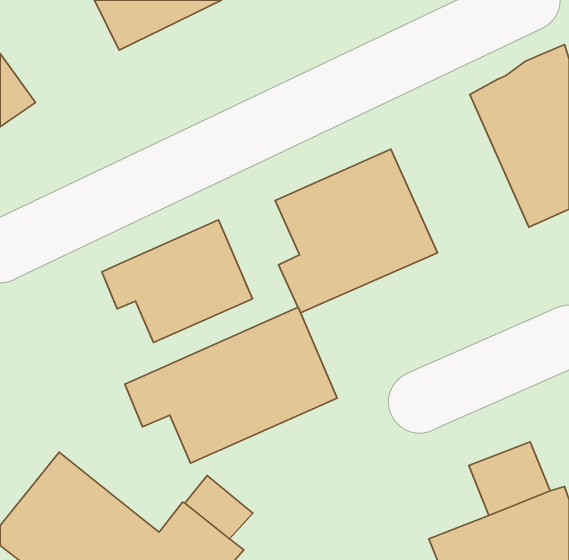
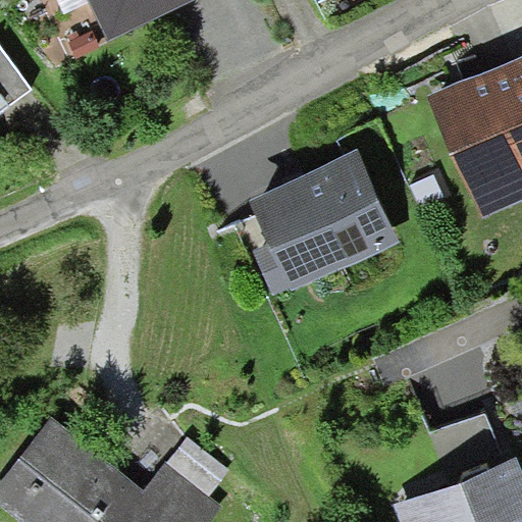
building: [102,220,253,342] -> none
building: [125,307,337,463] -> none

